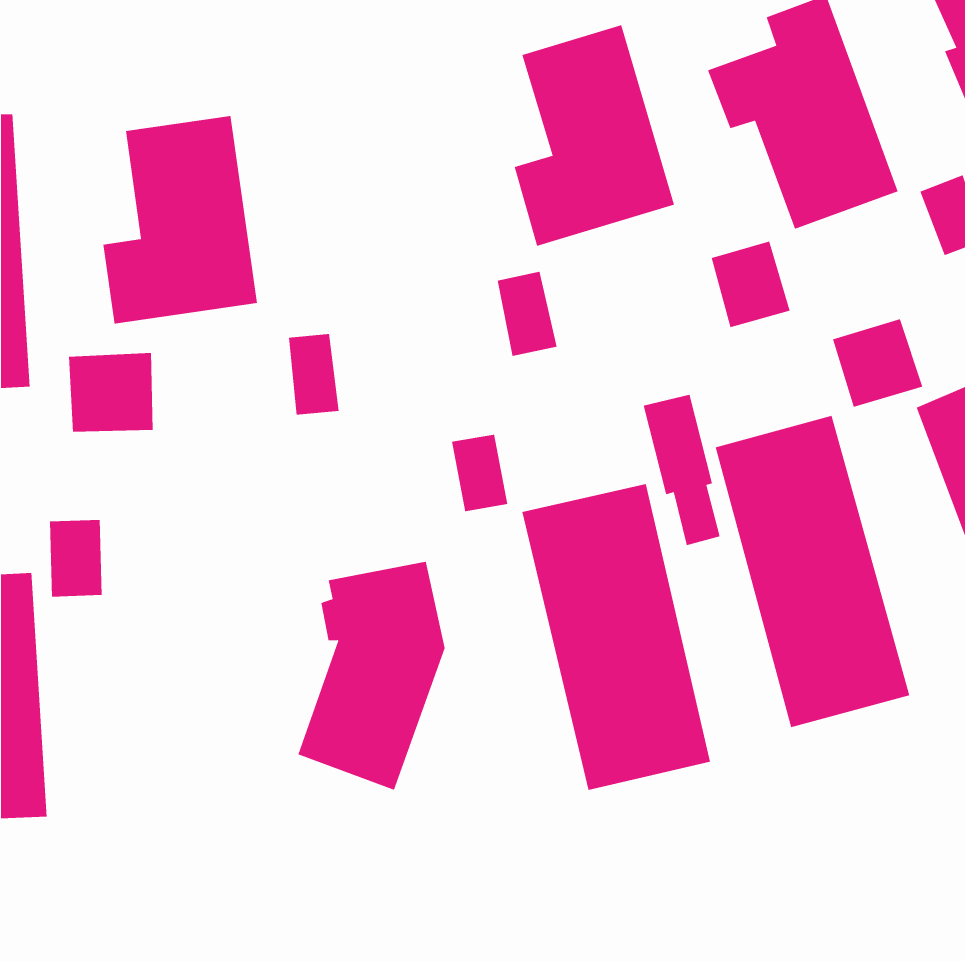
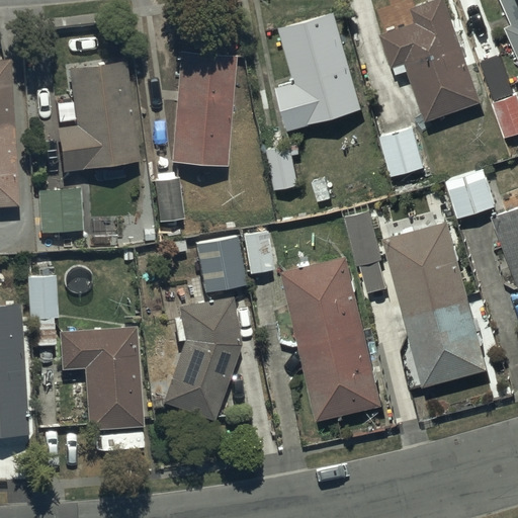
building: none -> [171,53,234,168]
building: none -> [194,231,244,287]
building: none -> [60,329,141,432]

